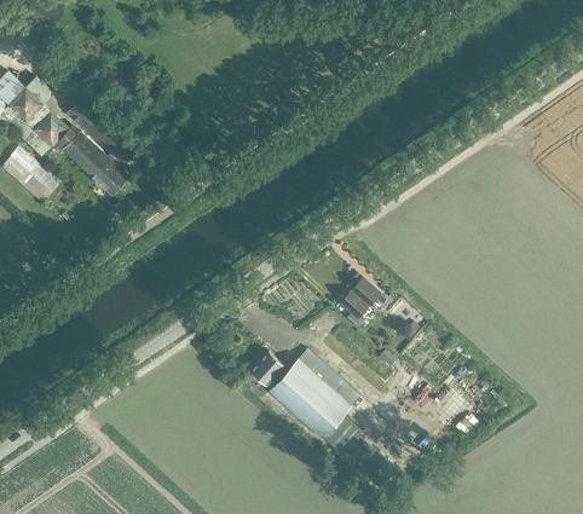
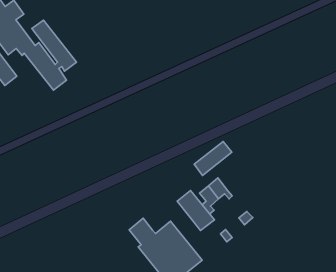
building: none -> [194,141,232,176]
building: none -> [177,191,214,231]

